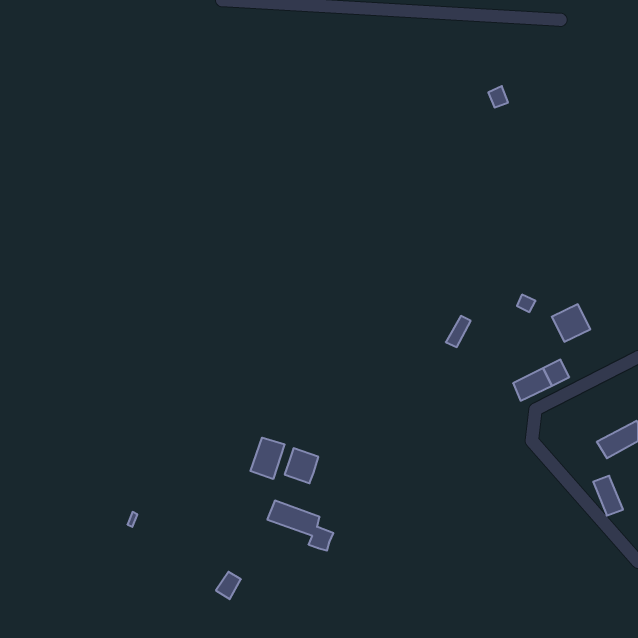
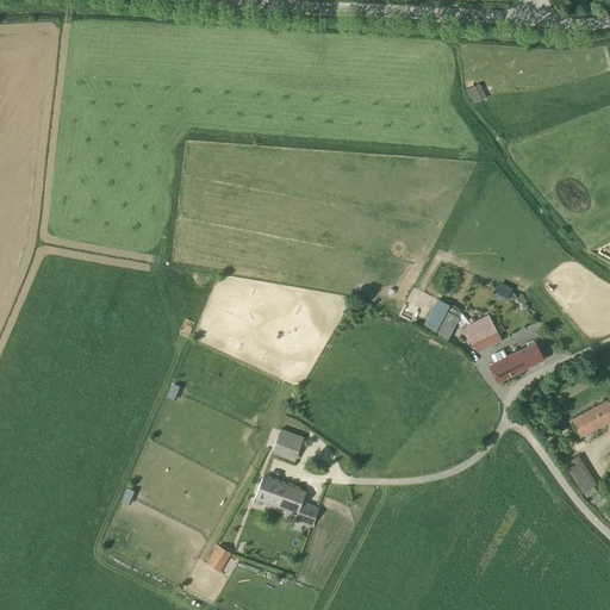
building: [552,304,590,342] -> [465,317,502,353]
building: [250,438,285,479] -> none

